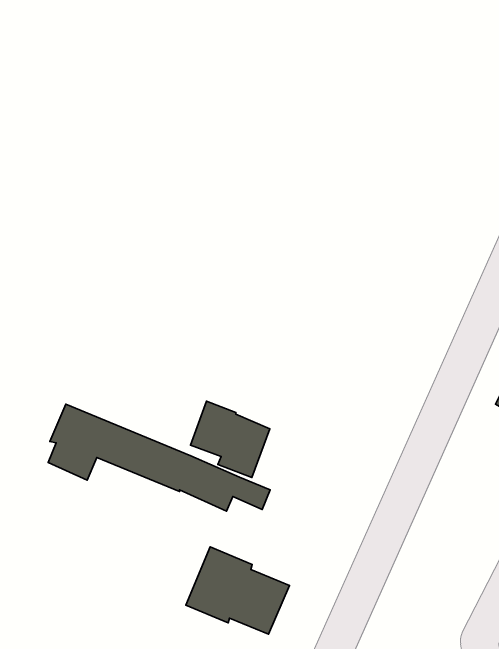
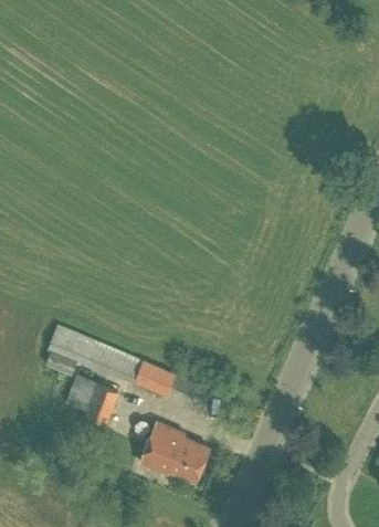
building: [190,401,270,477] -> [65,375,119,426]

